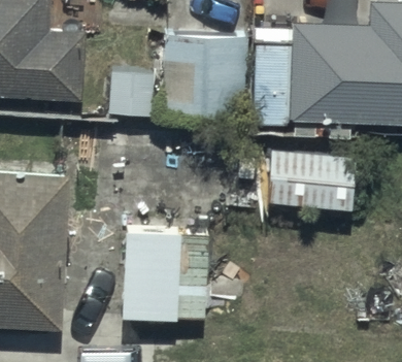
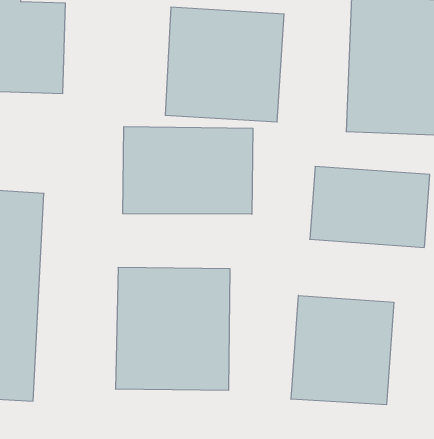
building: none -> [123,127,253,214]
building: none -> [291,295,394,405]

